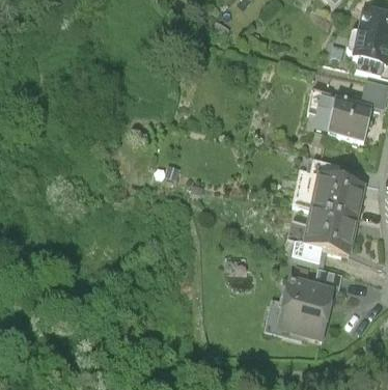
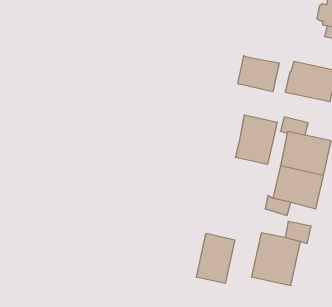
building: none -> [238,56,279,92]
building: none -> [236,115,277,164]
building: none -> [196,234,235,283]

